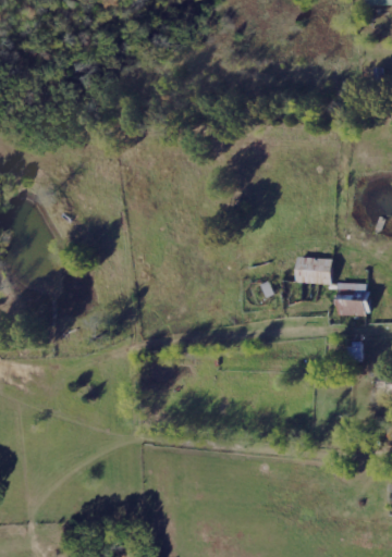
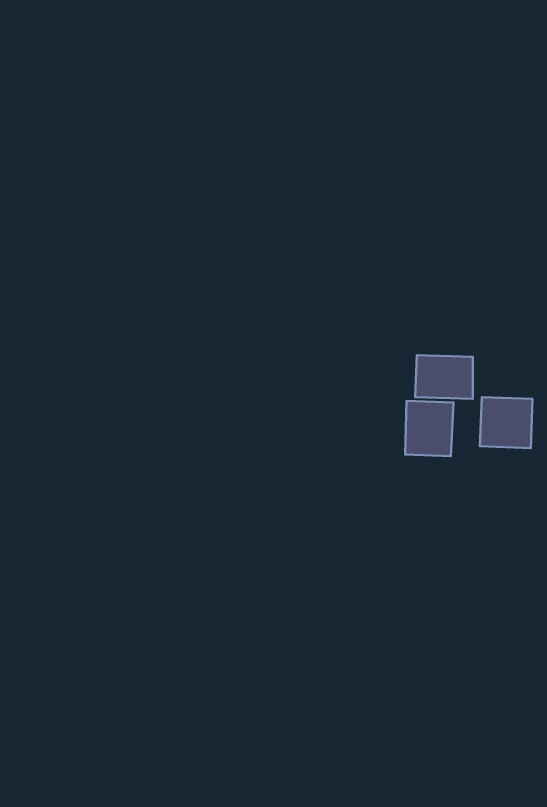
building: none -> [405,401,454,456]

